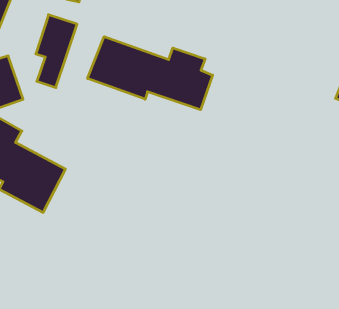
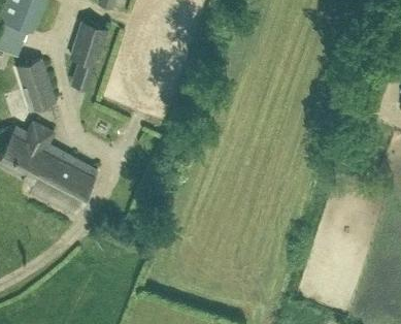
building: [88,37,213,110] -> none

